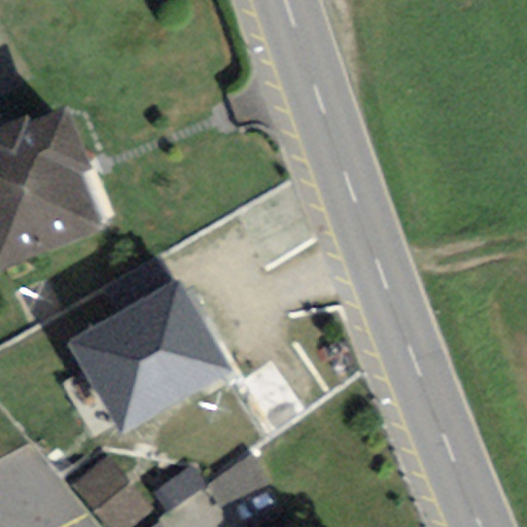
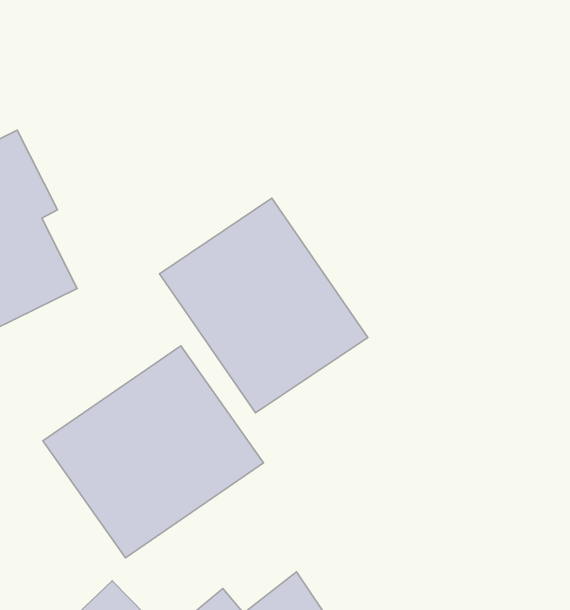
building: none -> [159,198,368,413]

